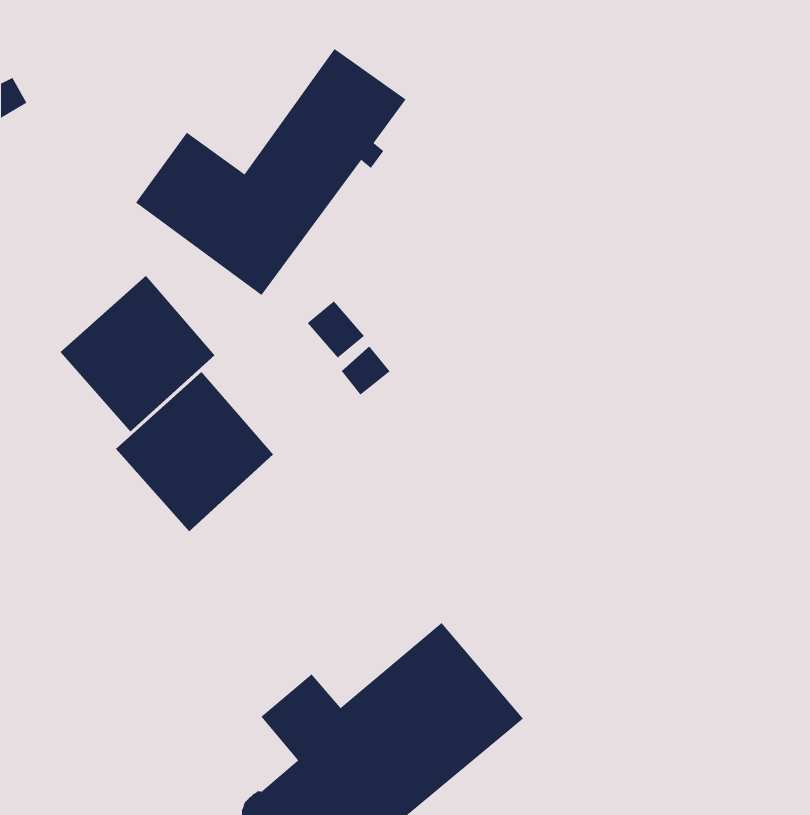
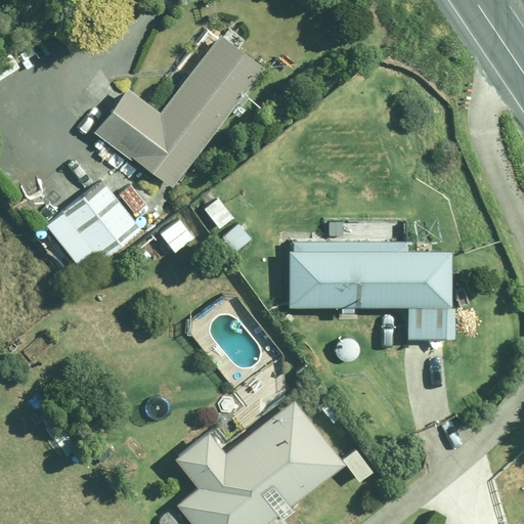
building: none -> [287,235,452,342]
building: [115,371,274,532] -> none

